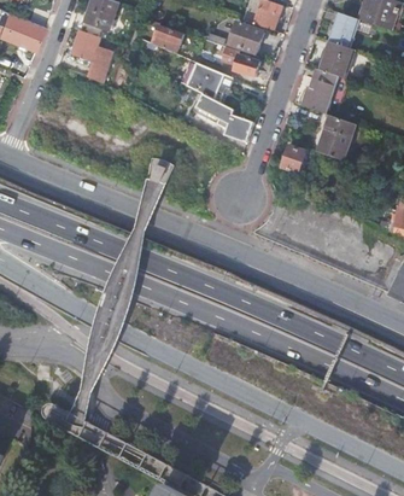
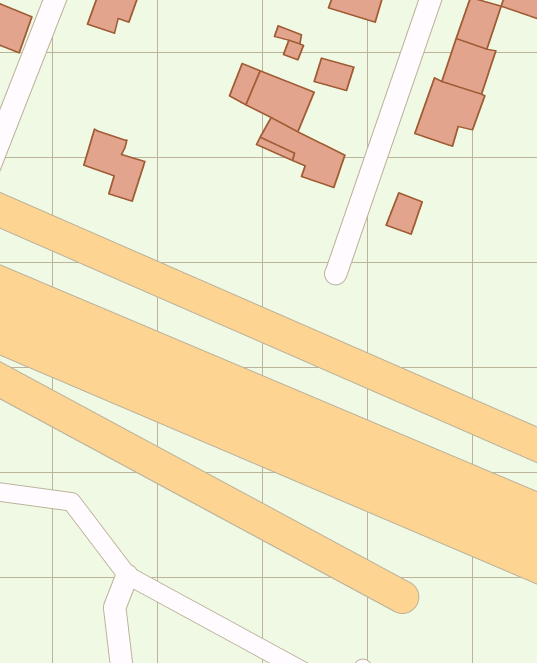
building: [229,22,264,53] -> none
building: [152,25,183,54] -> none
building: [71,30,112,78] -> [84,129,145,201]
building: [317,112,356,159] -> none

